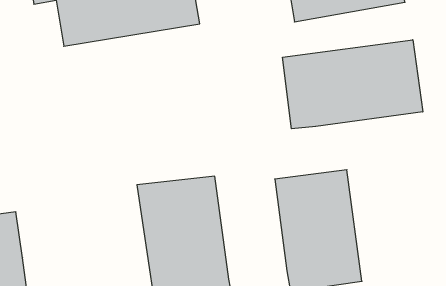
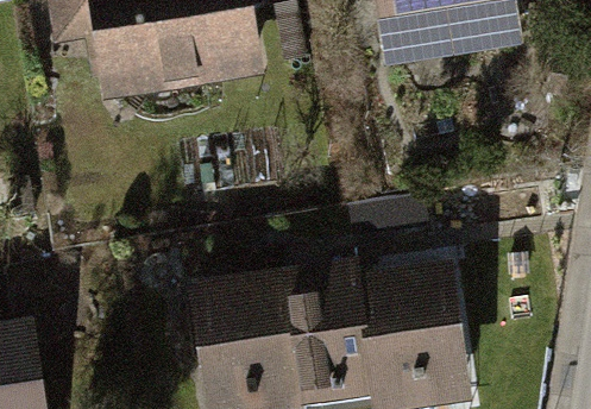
building: [283,40,423,129] -> none
building: none -> [283,257,375,397]

